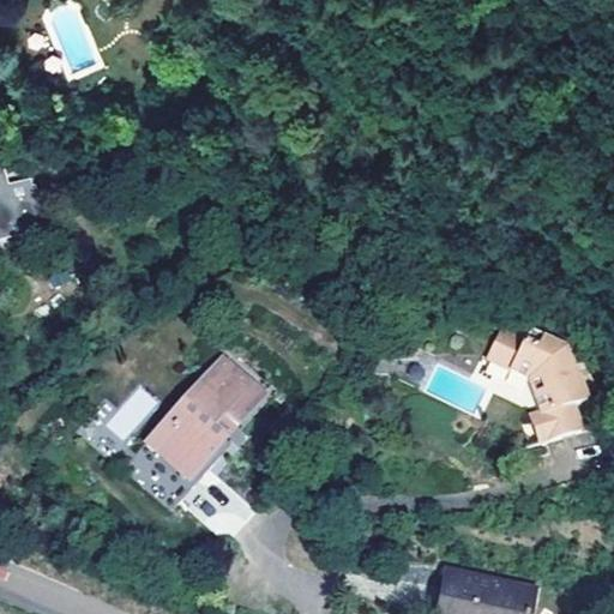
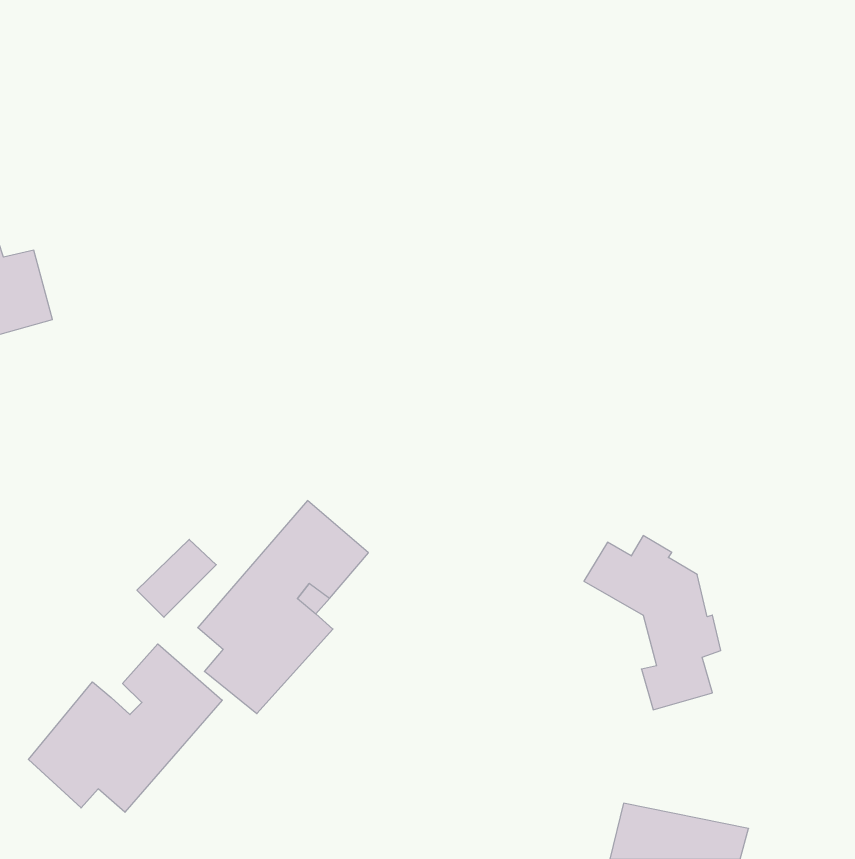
building: [492,317,589,440] -> [584,536,721,710]
building: none -> [28,644,222,812]

